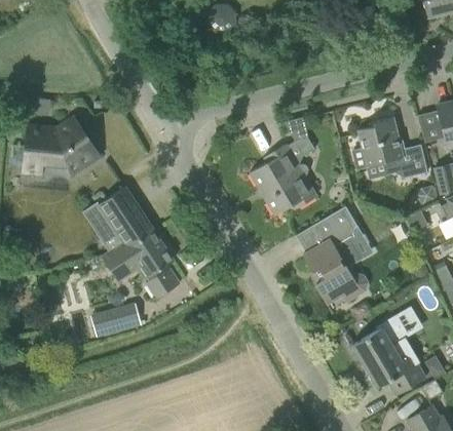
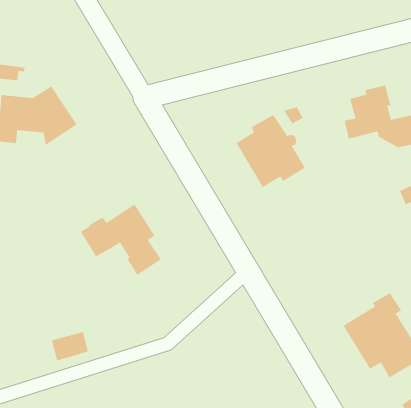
building: [82,186,154,251] -> none
building: [303,206,368,303] -> none
building: [104,304,140,332] -> [51,331,89,362]

